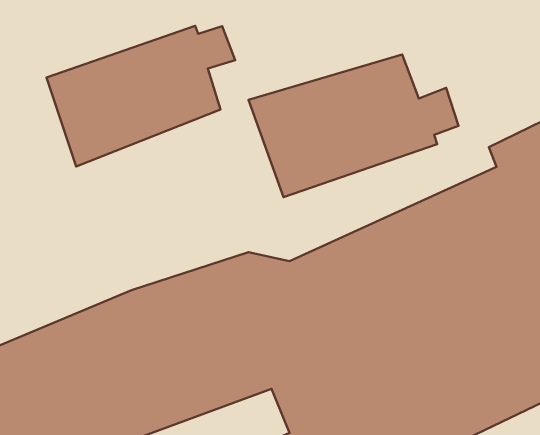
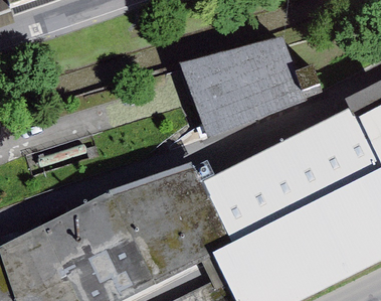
building: [46,26,235,167] -> none

